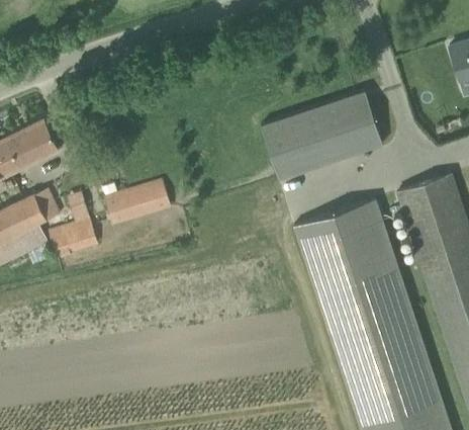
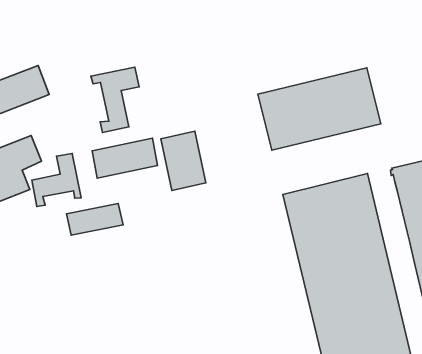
building: none -> [91,67,139,132]
building: none -> [161,131,206,191]
building: none -> [66,203,123,235]

